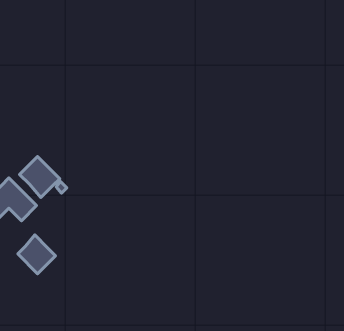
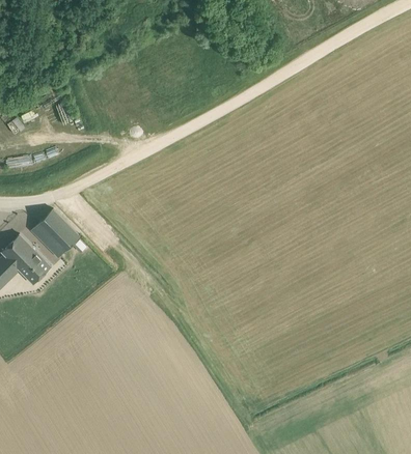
building: [18,235,56,274] -> none

